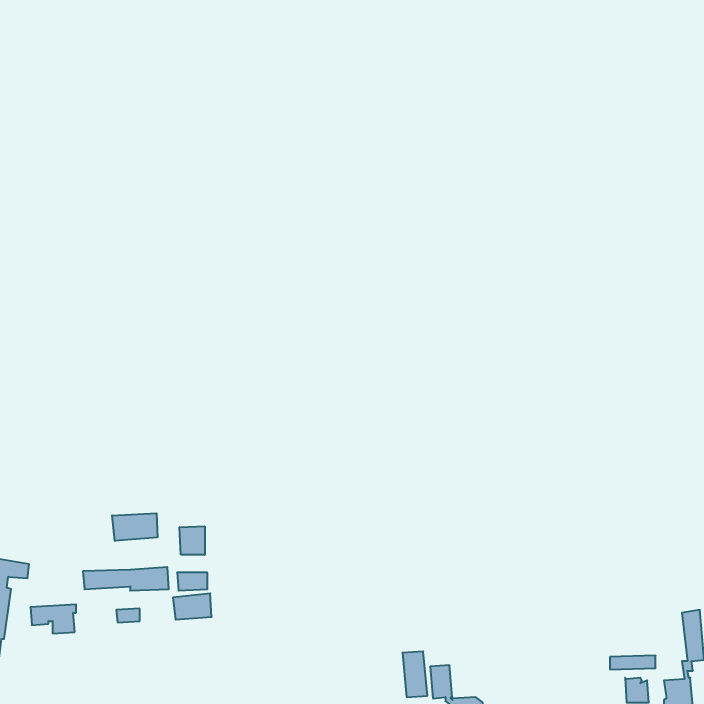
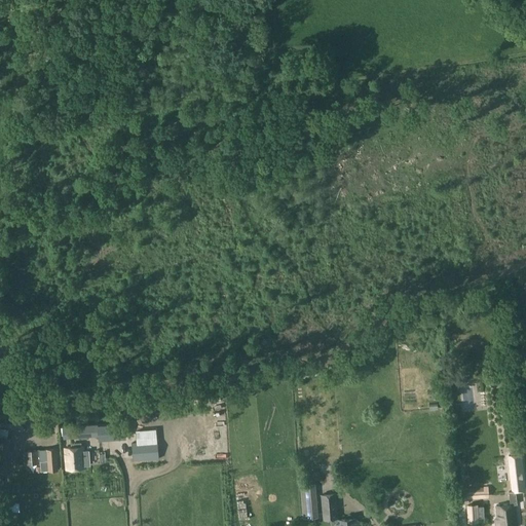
building: [112,513,157,541] -> none
building: [180,526,205,555] -> none
building: none -> [63,449,82,471]

